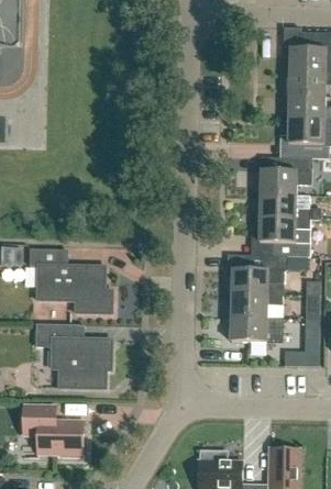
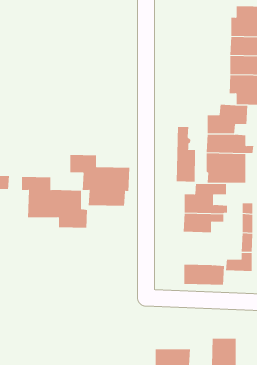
building: none -> [176,126,196,183]
building: [231,316,283,343] -> [183,264,225,285]
building: [35,322,111,387] -> [70,154,130,206]
building: [23,403,82,456] -> none

